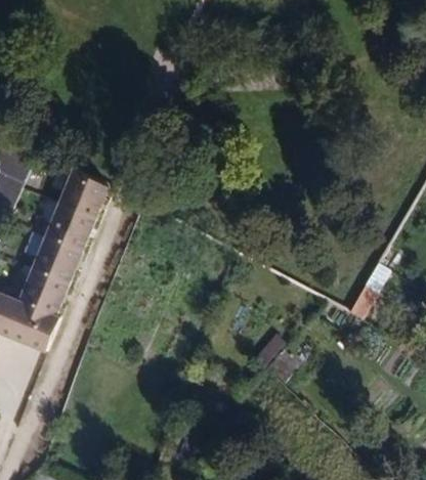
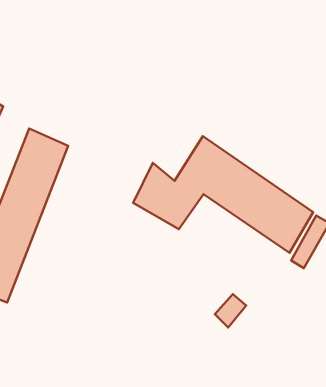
building: none -> [133,136,313,253]

